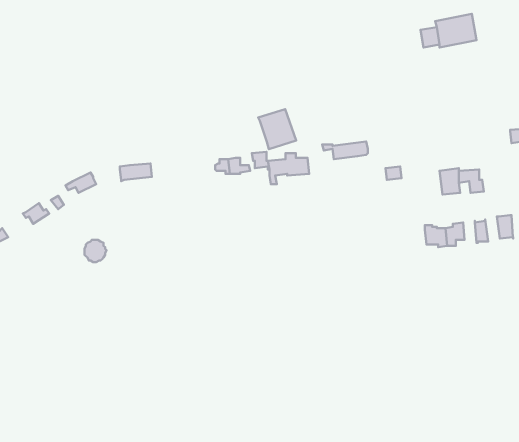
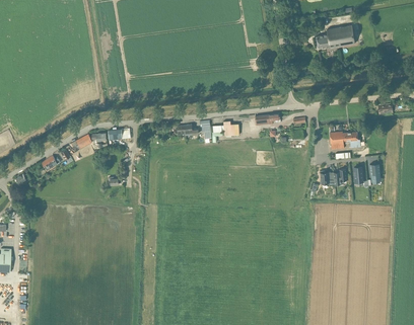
building: [258,109,296,149] -> none

